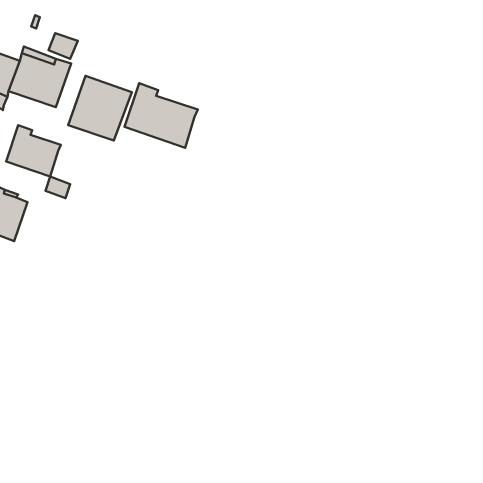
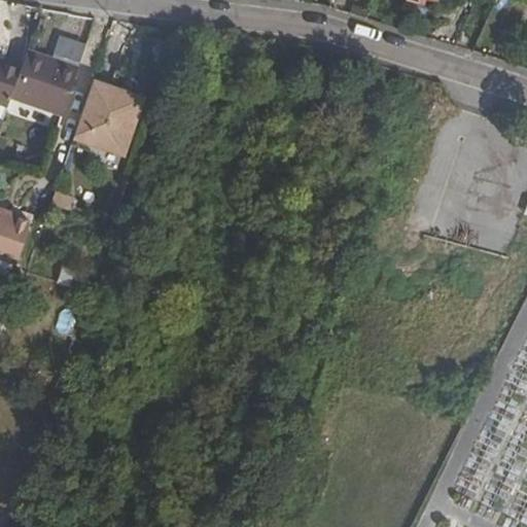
building: [125,83,198,148] -> none
building: [6,125,61,177] -> none

